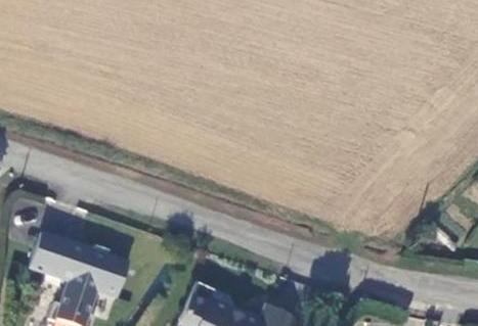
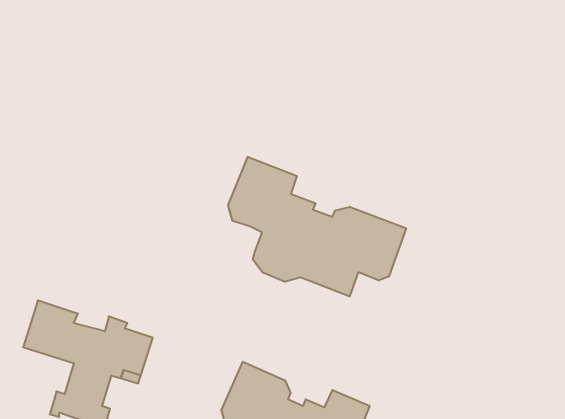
building: none -> [228,157,406,296]

